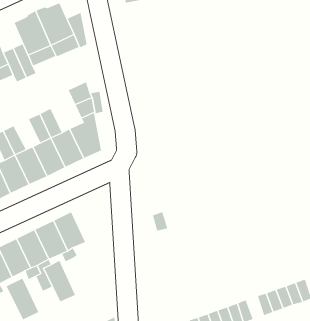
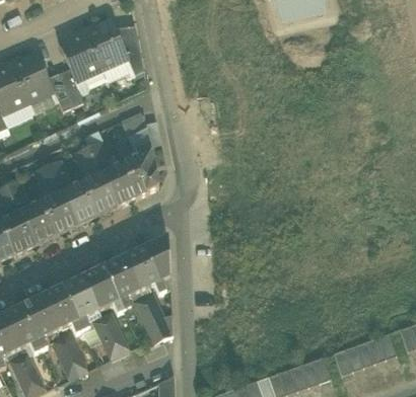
building: none -> [122,236,168,294]
building: none -> [131,292,169,343]

